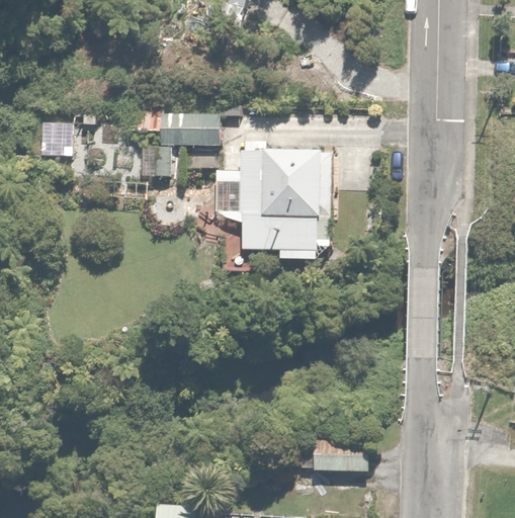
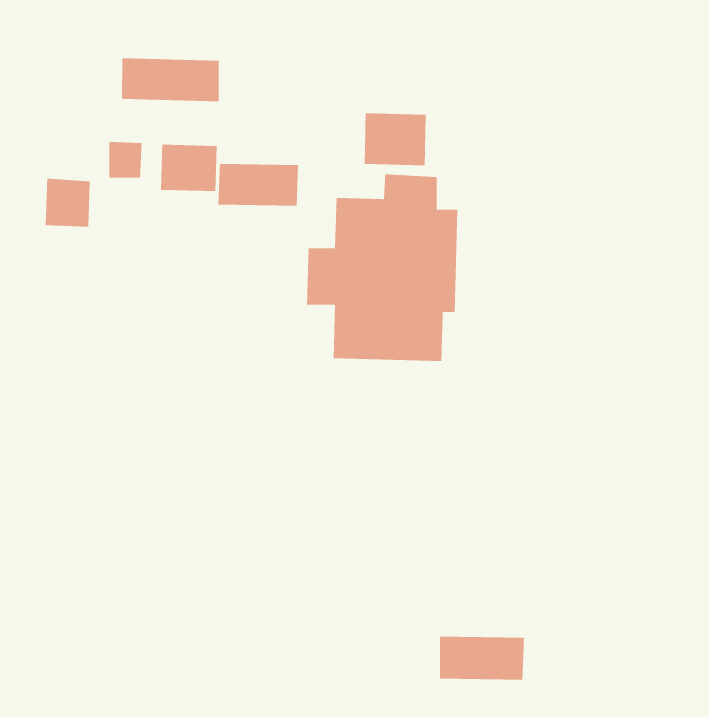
building: none -> [122,58,219,102]
building: none -> [364,112,426,166]

